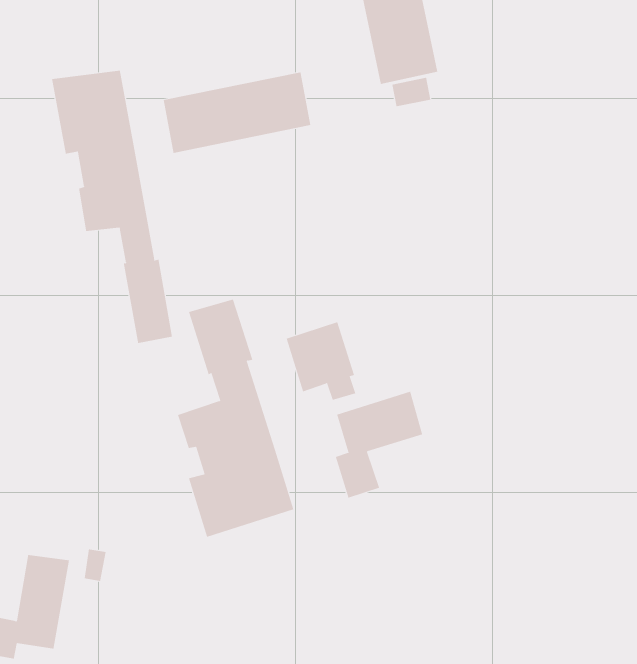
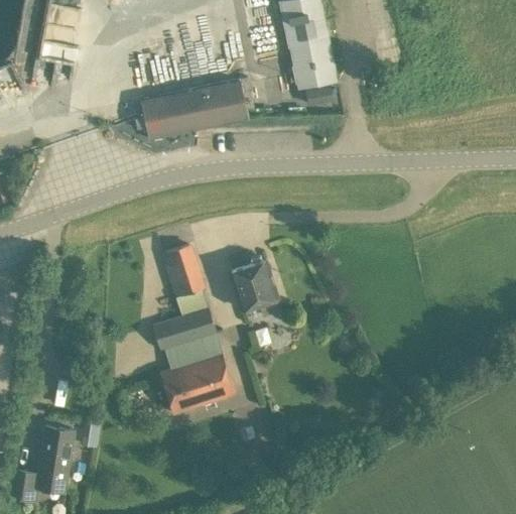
building: [52,70,173,344] -> none
building: [335,391,423,499] -> none

